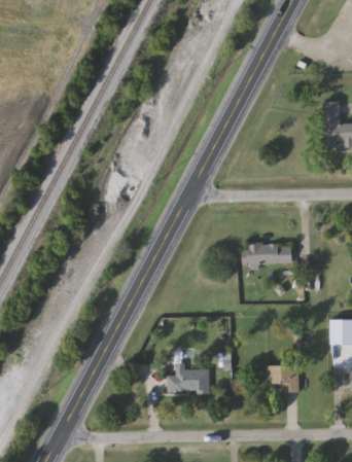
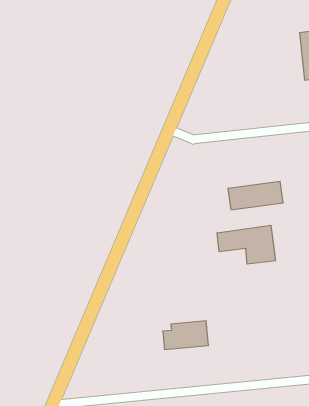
building: none -> [217,225,275,264]
building: [265,365,297,393] -> none

